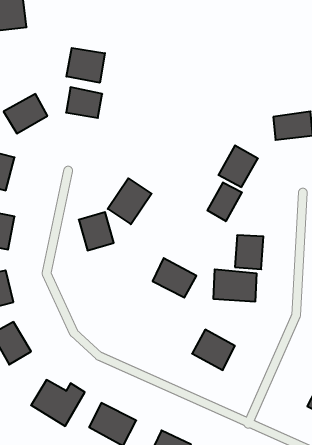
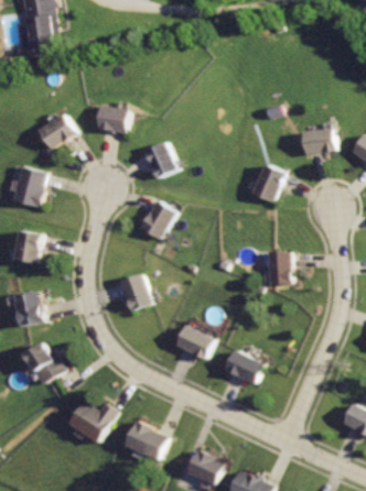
building: [66,48,105,83] -> none
building: none -> [144,140,181,179]
building: [207,182,242,221] -> none
building: [79,212,114,250] -> [116,273,151,312]
building: [153,258,196,298] -> [173,323,217,362]
building: [214,269,256,302] -> none

